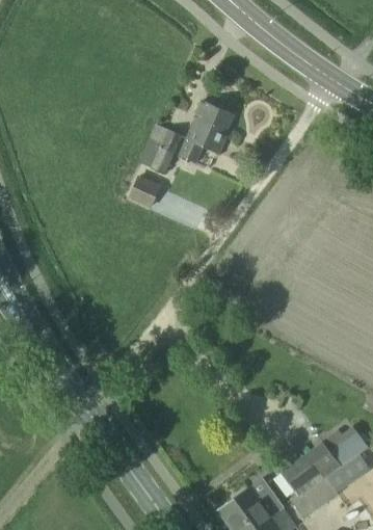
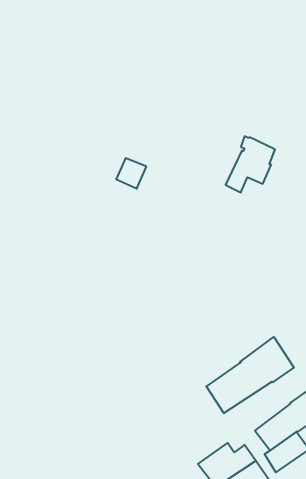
building: [180,102,234,163] -> [226,136,275,192]
building: [151,124,184,175] -> none
building: none -> [206,337,294,413]

